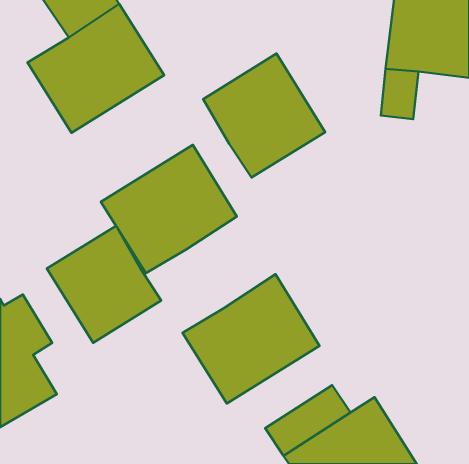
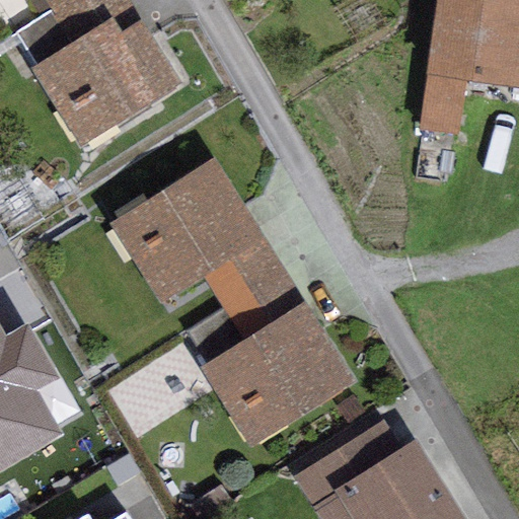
building: [203,54,325,178] -> none
building: none -> [206,239,304,341]
building: [47,226,161,343] -> none

